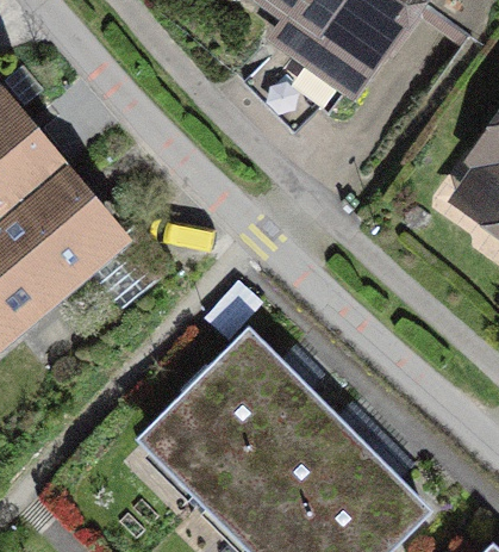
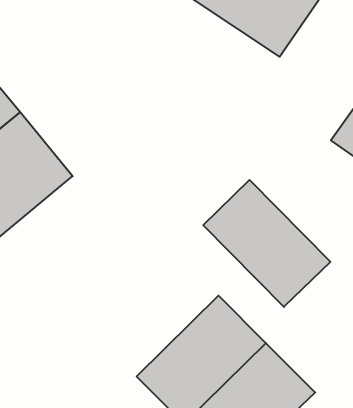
building: none -> [203,180,330,307]
building: [149,327,306,483] -> none

